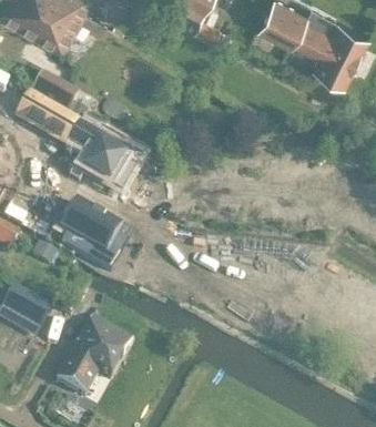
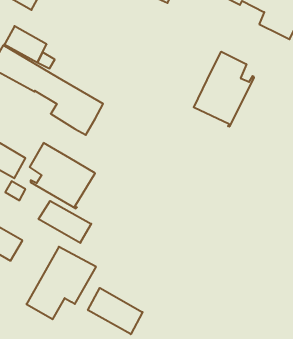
building: none -> [194,52,254,127]
building: none -> [39,201,91,243]
building: none -> [88,288,143,334]

